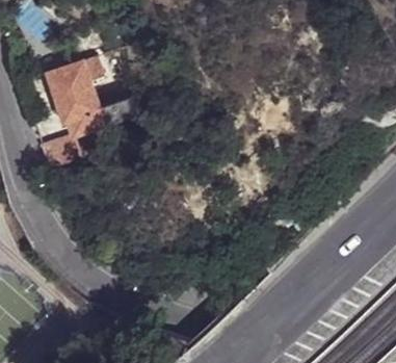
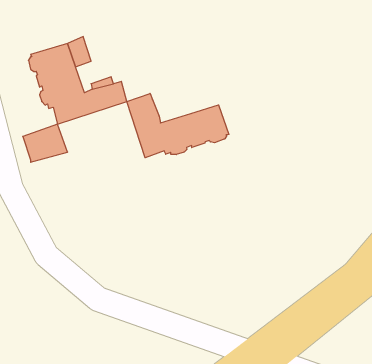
building: none -> [127,93,229,158]

